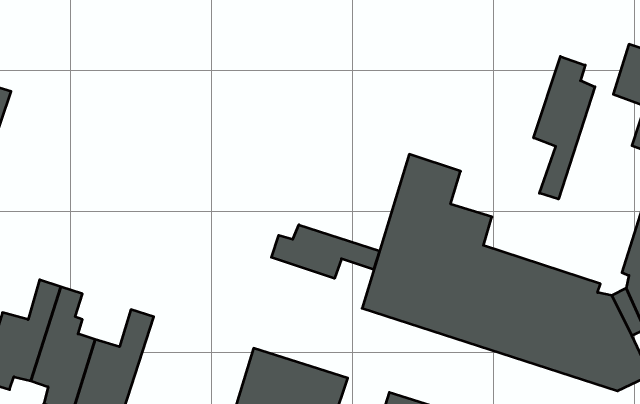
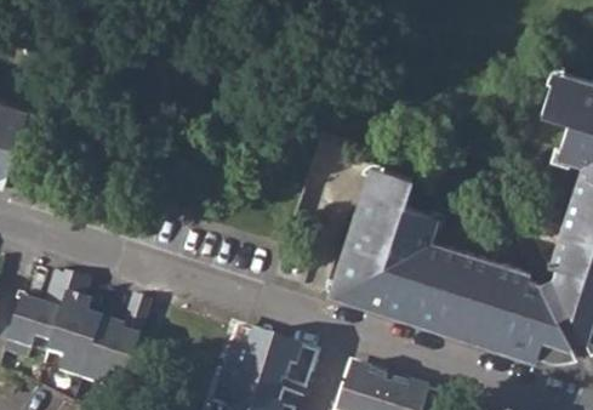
building: [534,56,595,199] -> none
building: [271,225,380,278] -> none

